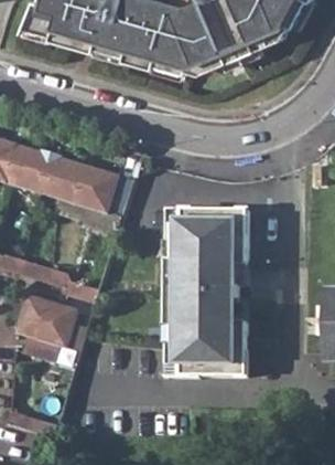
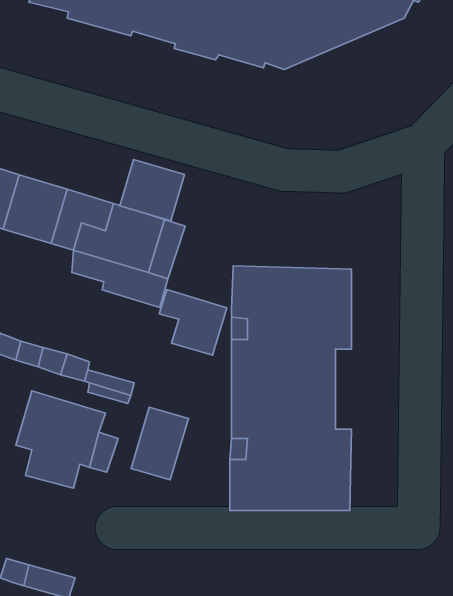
building: none -> [120,159,184,221]
building: none -> [159,290,227,355]
building: none -> [131,407,188,480]

